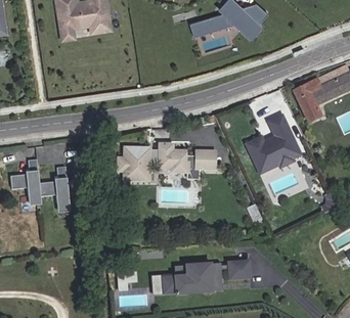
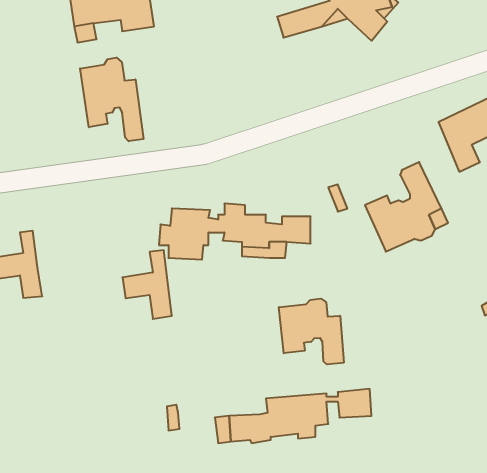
building: none -> [80,58,143,141]
building: [37,166,69,210] -> [122,250,172,319]
building: none -> [279,299,344,364]

